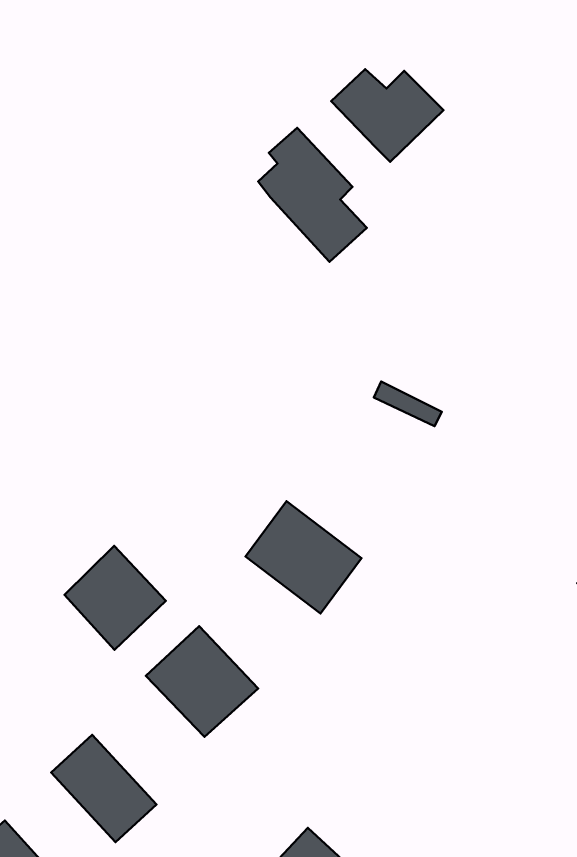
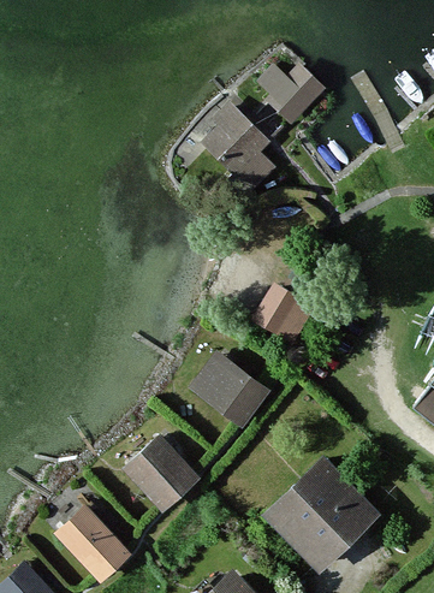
building: none -> [255,284,314,342]
building: [64,546,166,650] -> none
building: none -> [263,457,380,574]

